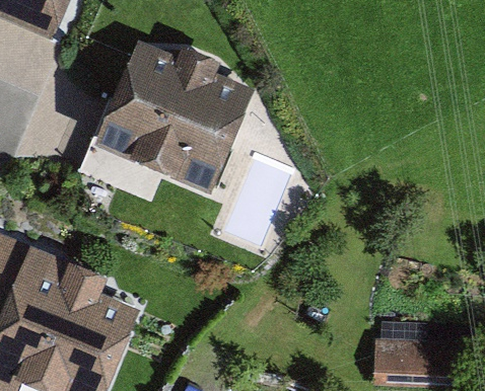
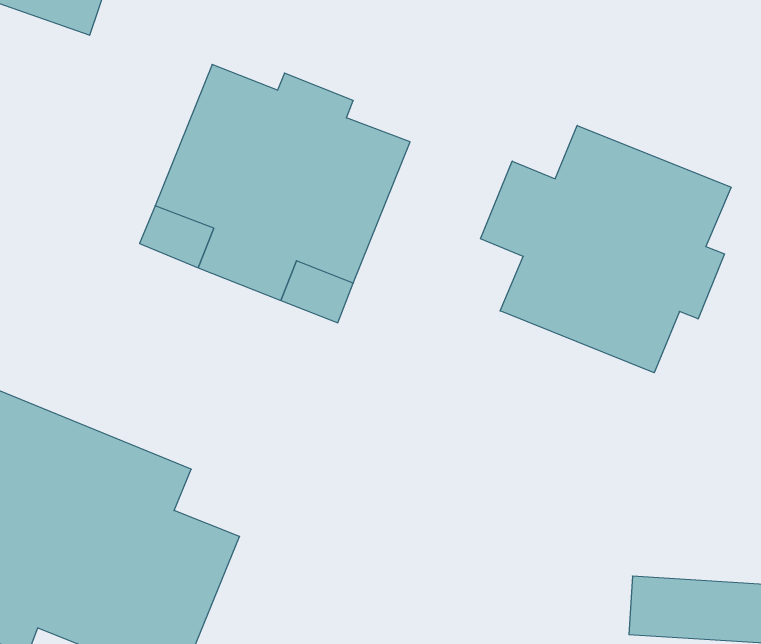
building: none -> [480,125,731,373]

